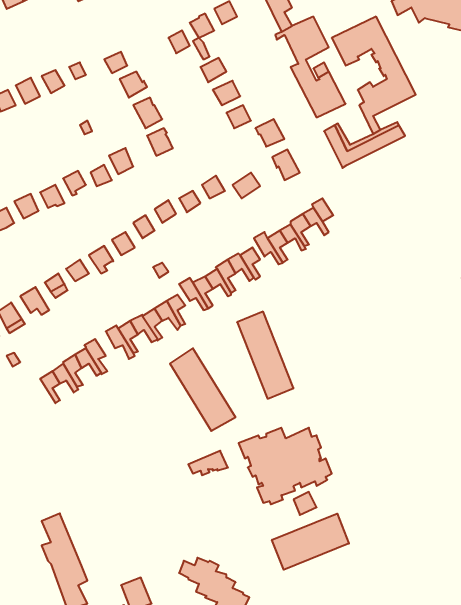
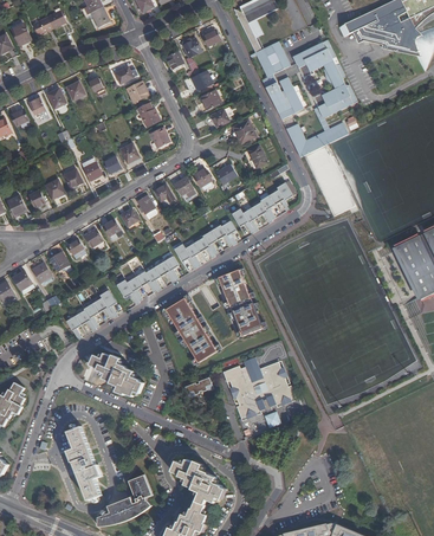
building: none -> [88,354,141,396]
building: [272,514,349,570] -> none

